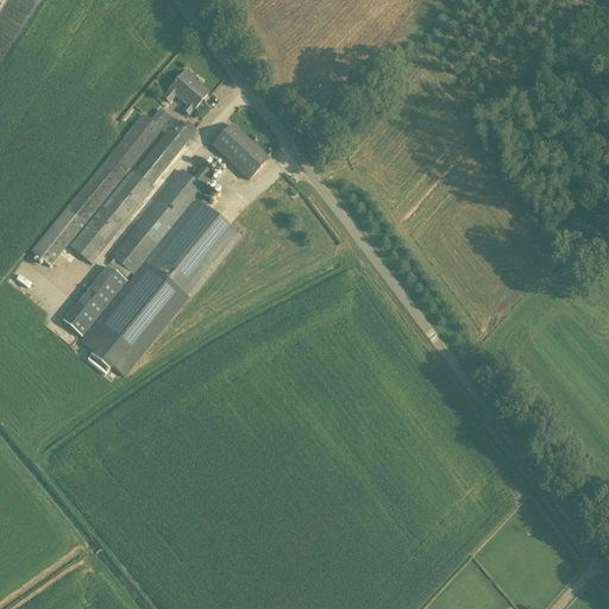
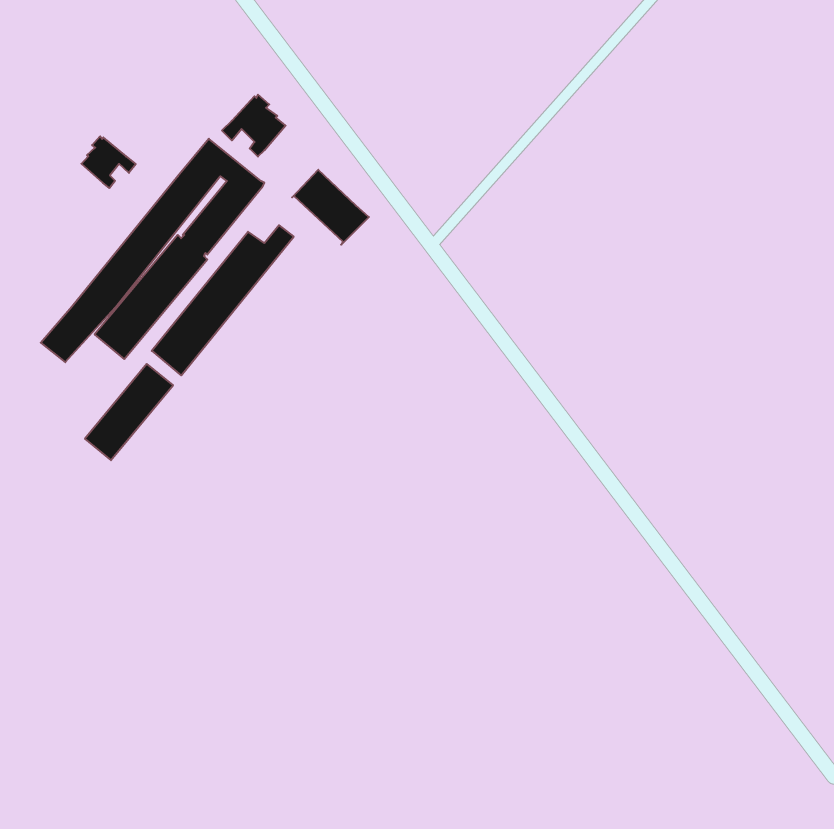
building: none -> [81,136,136,188]
building: [81,199,239,375] -> none

